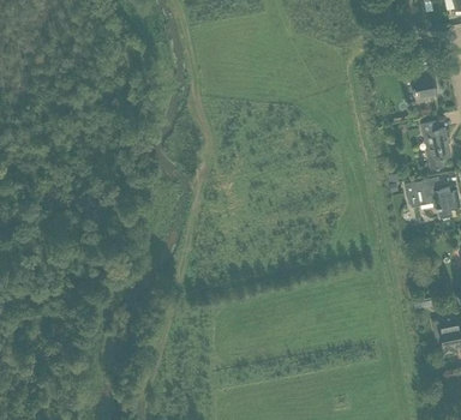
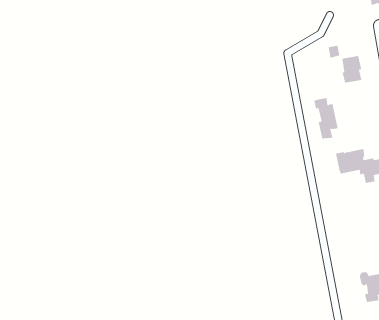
building: [421,120,450,169] -> [314,97,338,140]

